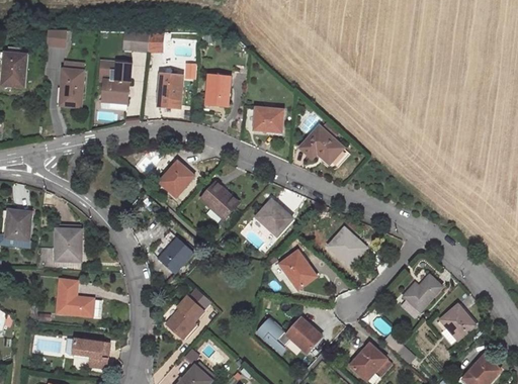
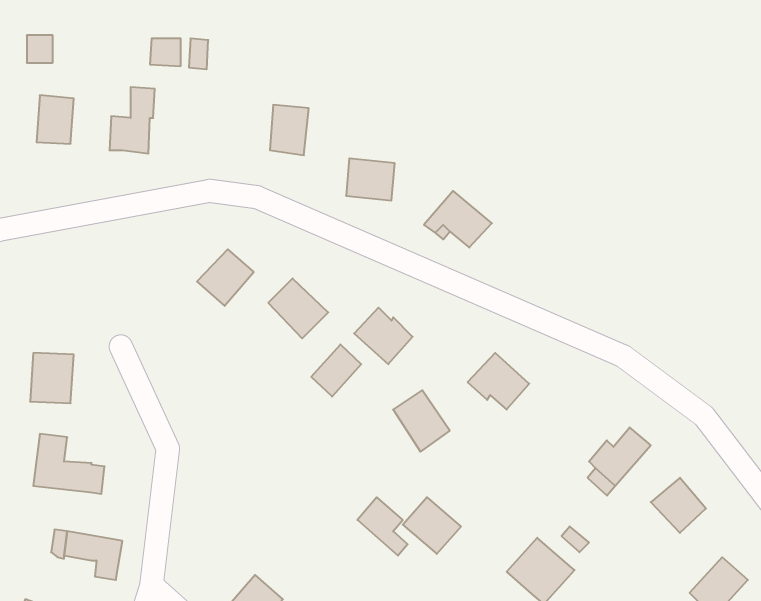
building: [158,73,184,108] -> none
building: none -> [311,344,361,397]
building: [156,239,191,275] -> none
building: [166,297,202,340] -> none

